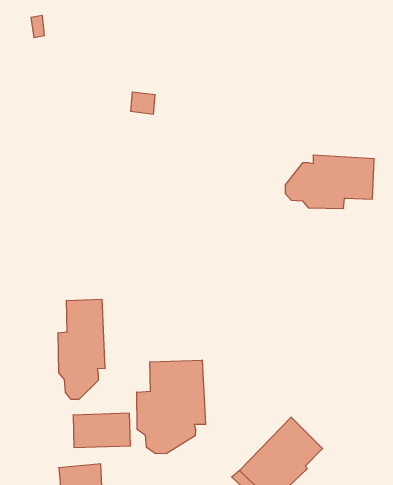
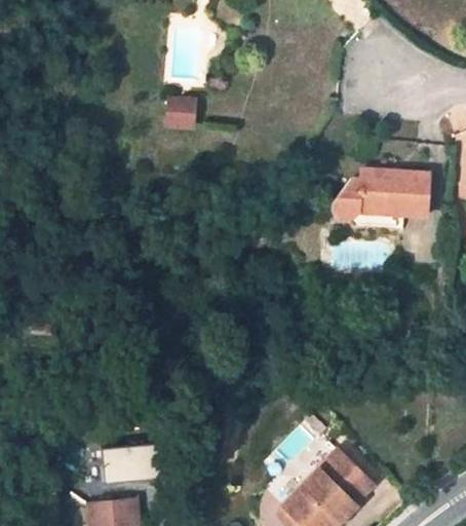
building: [58,299,105,400] -> none
building: [137,360,205,454] -> none

